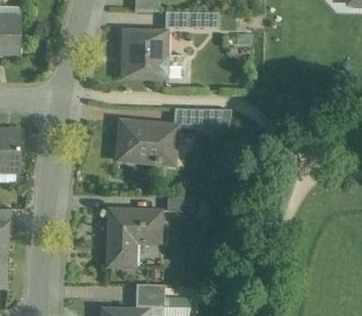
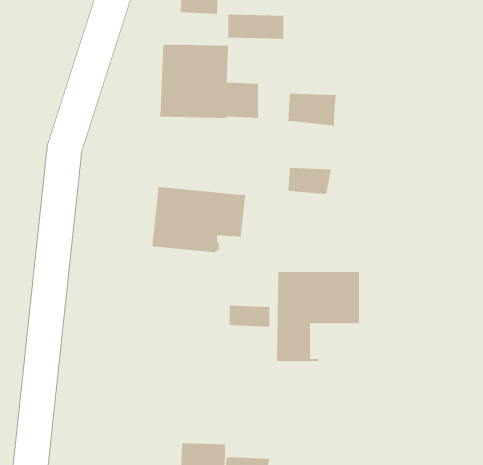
building: [173,108,205,129] -> [287,93,336,126]
building: [107,210,160,267] -> [276,271,360,362]

